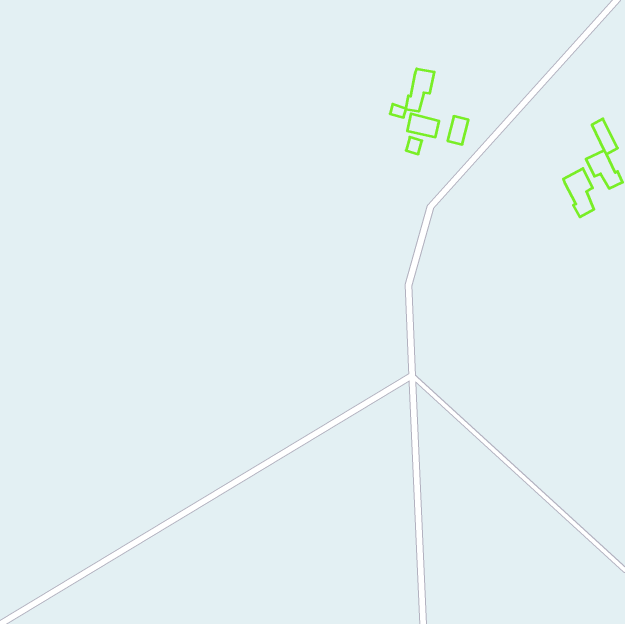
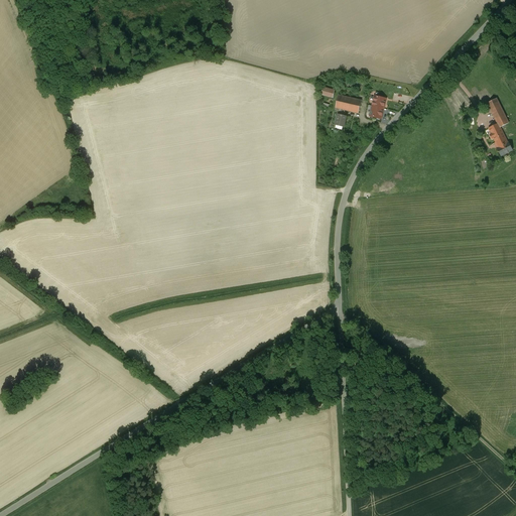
building: [406,69,434,111] -> none
building: [563,168,594,217] -> none

